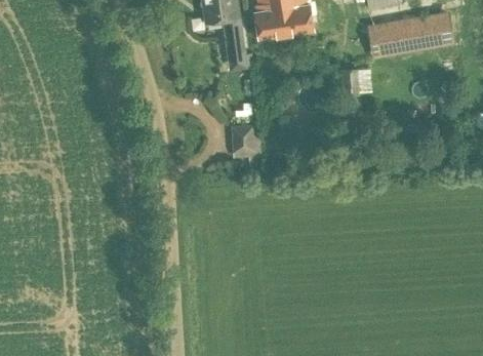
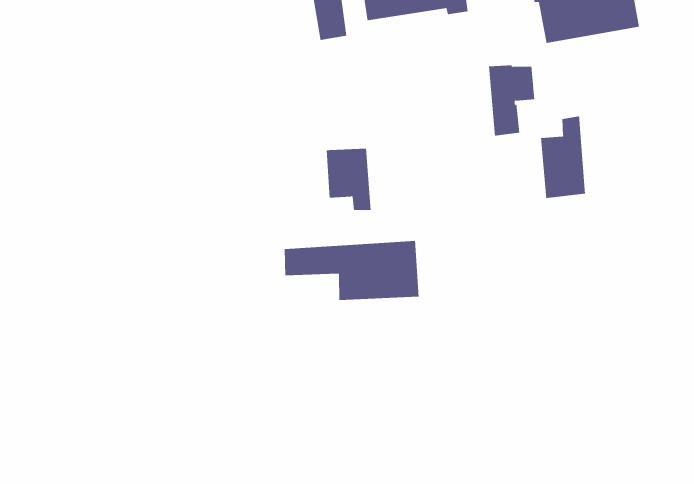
building: none -> [540,115,586,199]
building: none -> [284,240,419,301]

